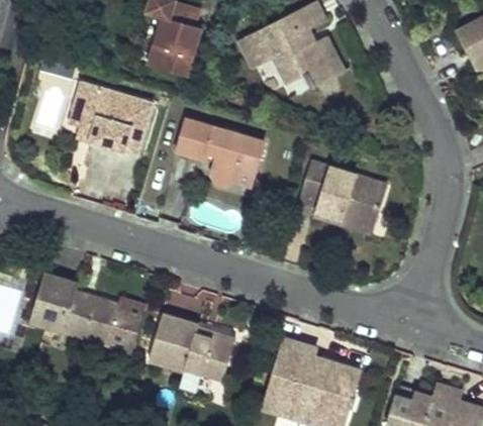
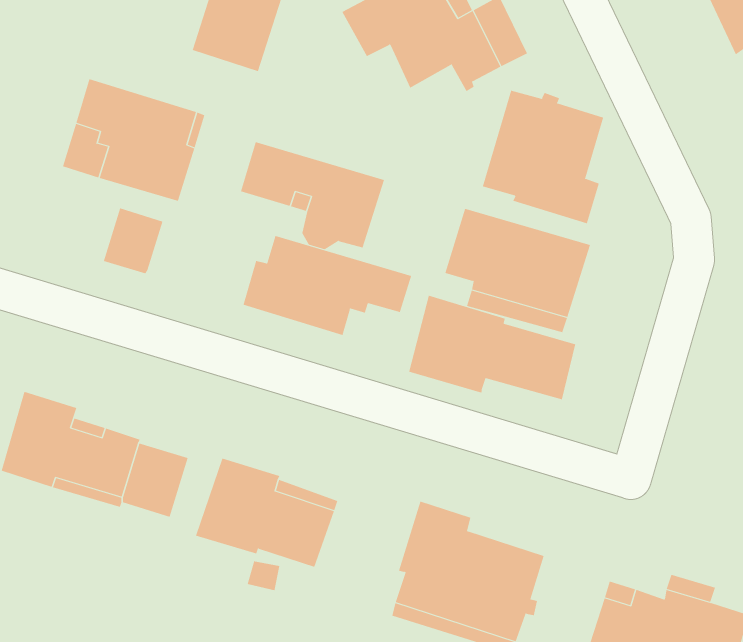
building: none -> [482,90,604,224]
building: none -> [103,207,163,274]
building: none -> [243,235,412,336]
building: none -> [408,295,576,400]

